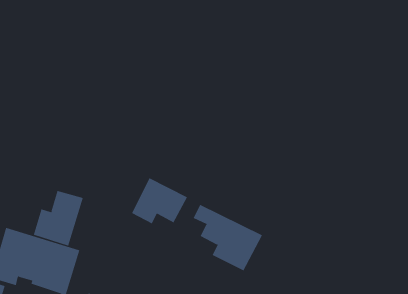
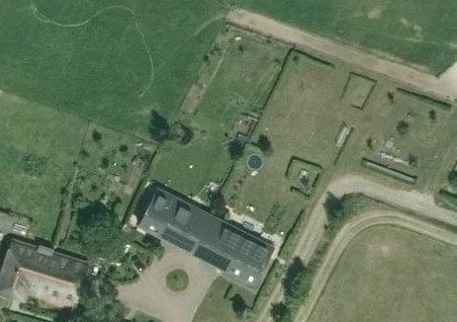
building: [33,190,83,246] -> none
building: none -> [161,210,226,268]

